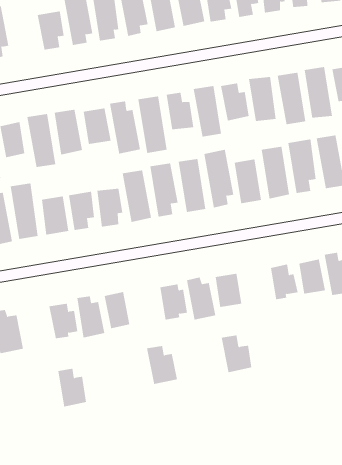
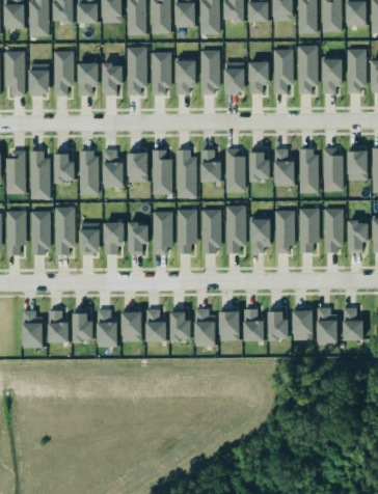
building: none -> [78,62,99,94]
building: [221,335,252,373] -> [241,310,264,341]
building: [146,346,178,385] -> [143,310,166,342]
building: [58,368,87,407] -> [48,311,69,344]

